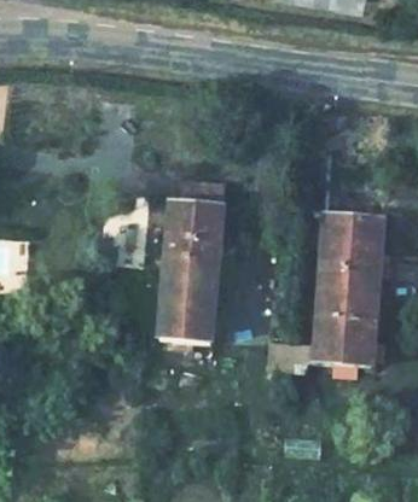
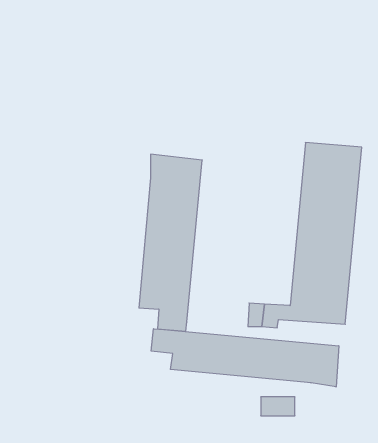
building: none -> [151,329,339,387]

